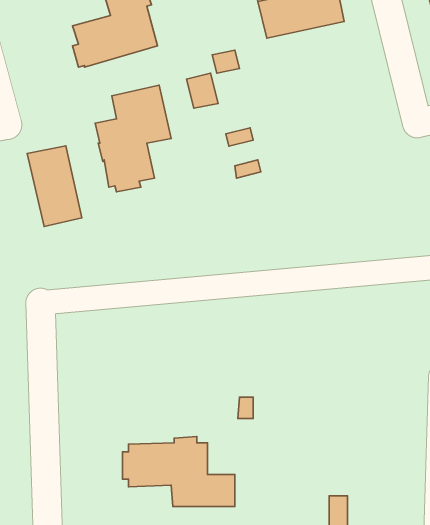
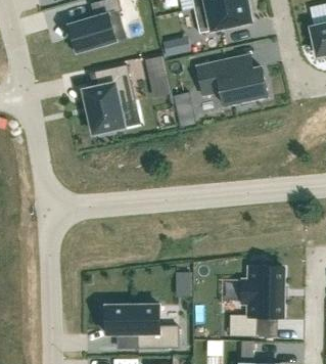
building: none -> [197,55,269,106]
building: [27,146,82,227] -> none
building: none -> [230,267,286,336]

